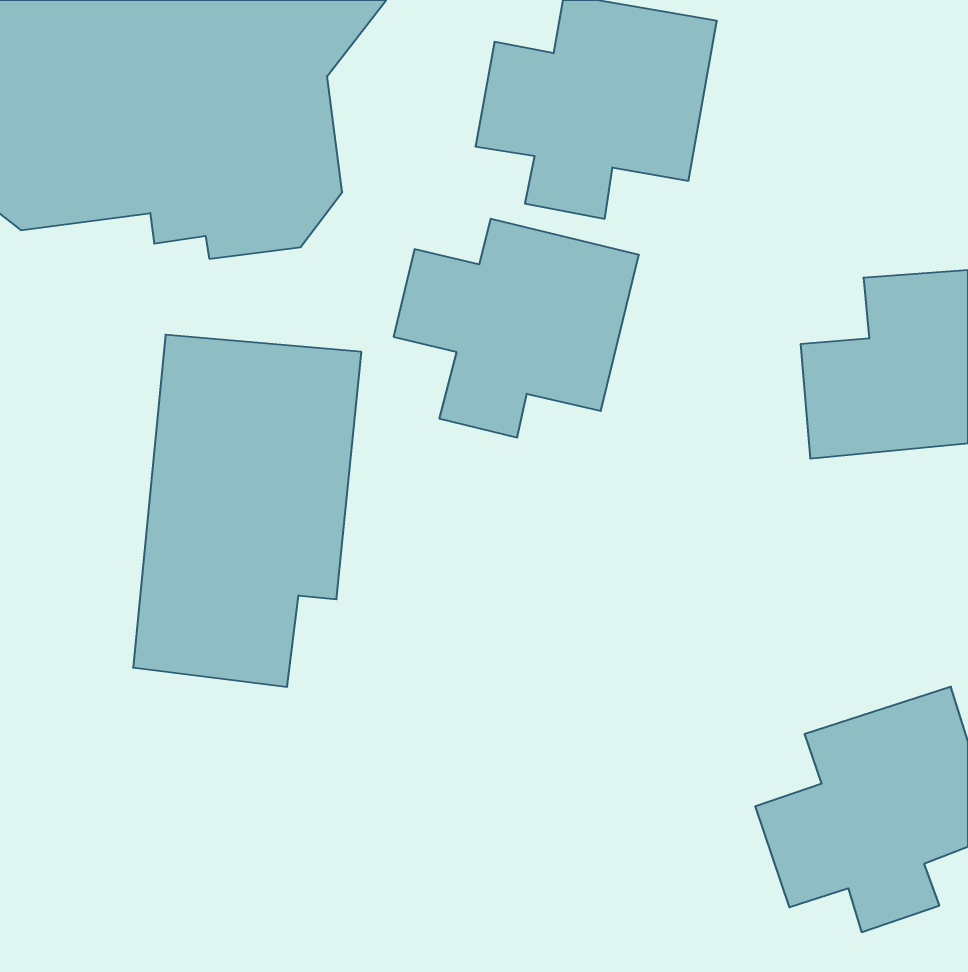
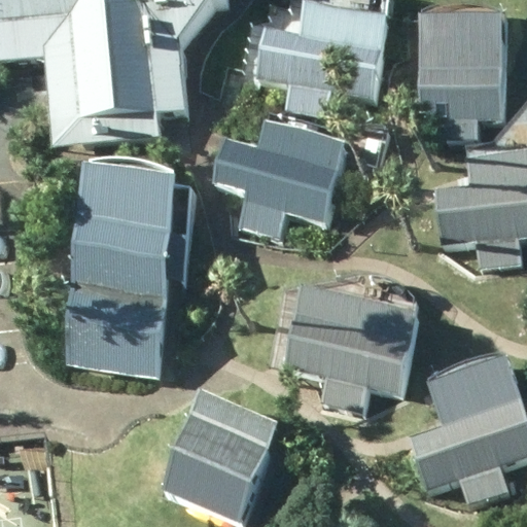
building: none -> [417,9,505,137]
building: none -> [284,284,417,414]
building: none -> [164,389,279,522]

